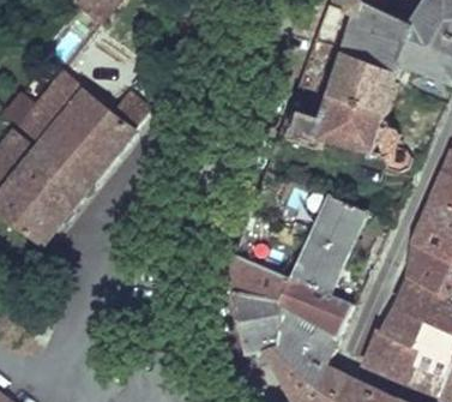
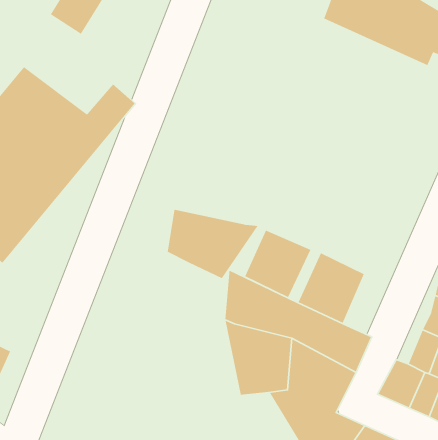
building: [288,37,400,154] -> none
building: [311,193,367,251] -> [244,229,311,298]
building: none -> [167,209,259,279]

